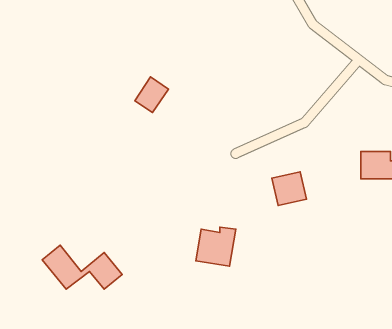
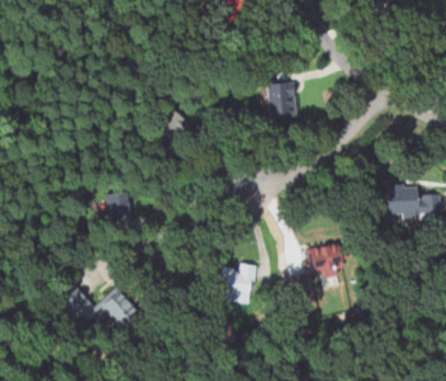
building: none -> [268,82,297,119]
building: none -> [109,192,133,219]
building: [272,172,307,205] -> [308,244,344,279]

